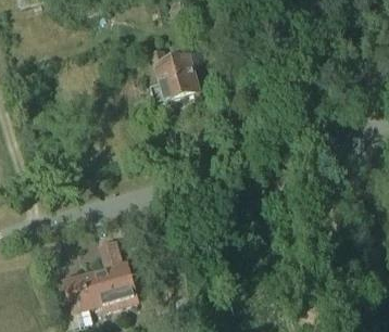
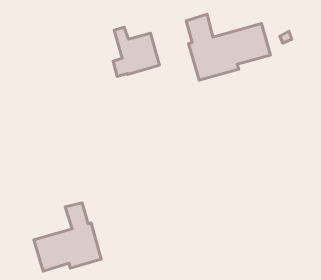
building: none -> [186,14,271,80]

